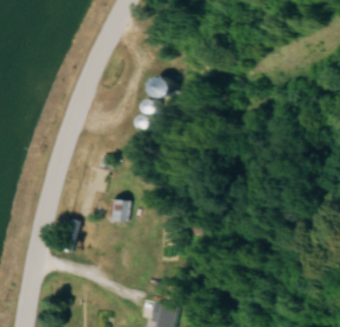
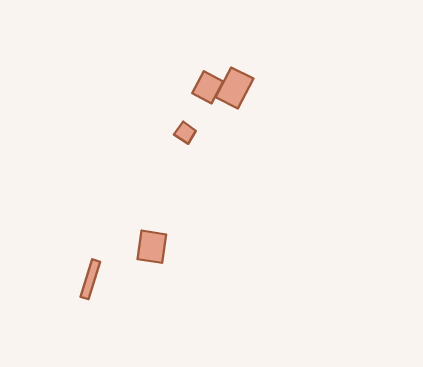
building: none -> [215,67,253,108]

